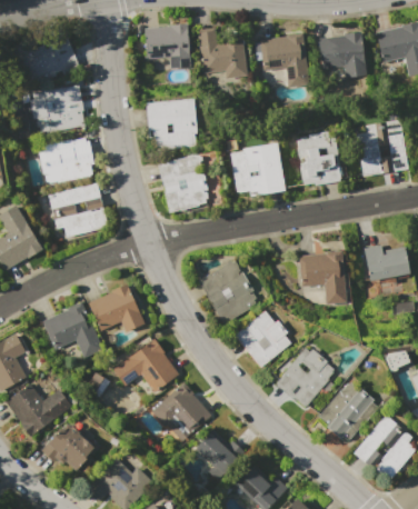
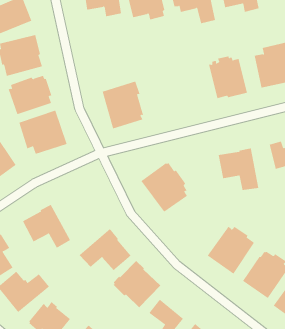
building: [146,99,198,147] -> none
building: [230,142,286,196] -> none
building: [89,283,146,331] -> none
building: [236,310,291,367] -> none

